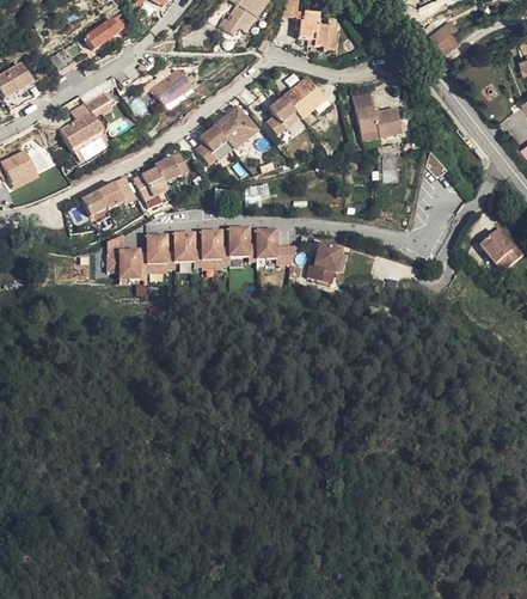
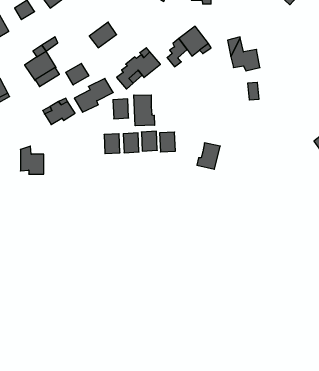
building: none -> [66,63,89,85]
building: none -> [134,95,155,126]
building: [147,234,170,263] -> [113,99,129,119]
building: [108,237,141,277] -> [20,146,44,174]

